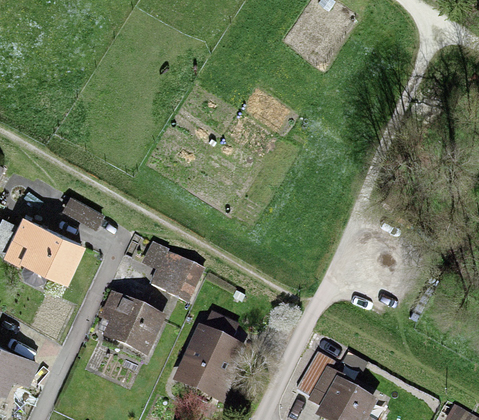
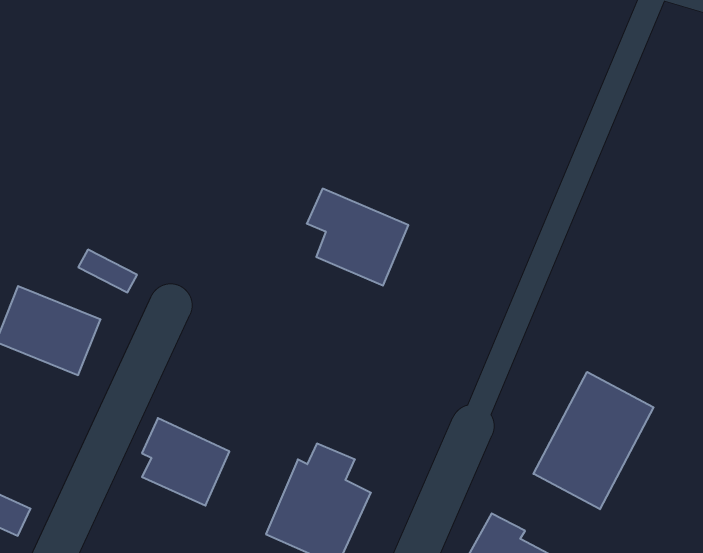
building: [140,246,204,307] -> [307,189,408,286]
building: none -> [533,372,654,509]

